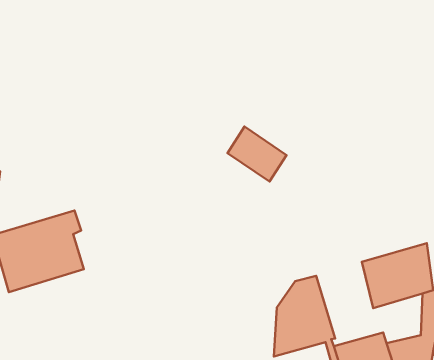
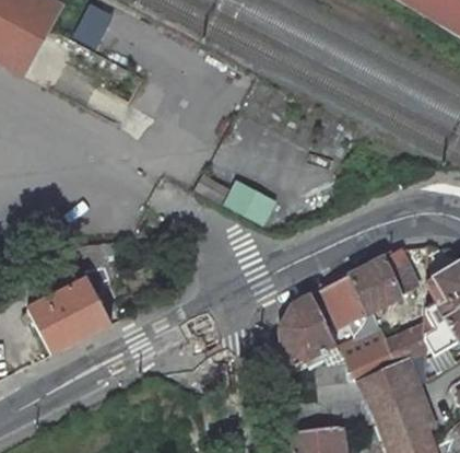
building: none -> [322,276,368,328]

